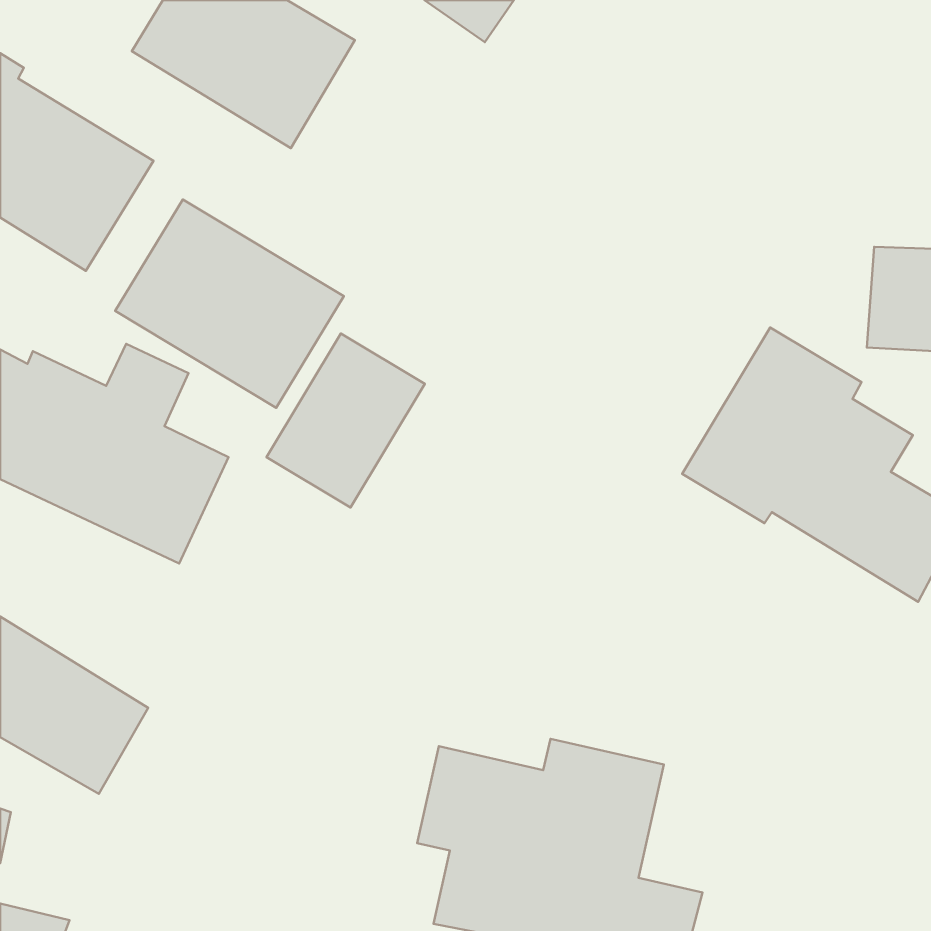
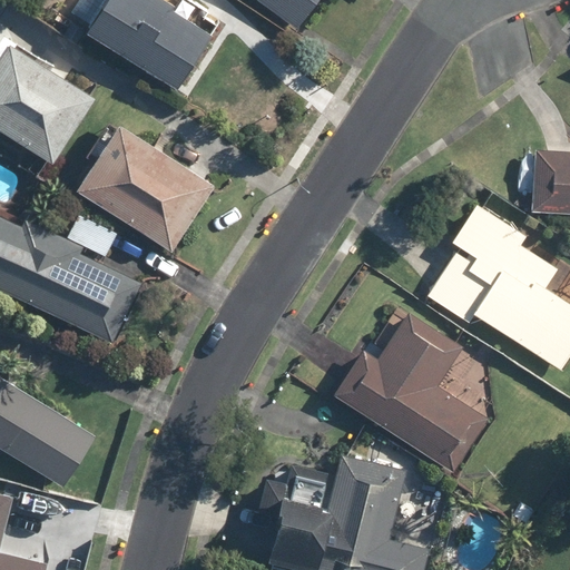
building: [266,333,425,507] -> none
building: none -> [330,311,488,472]

